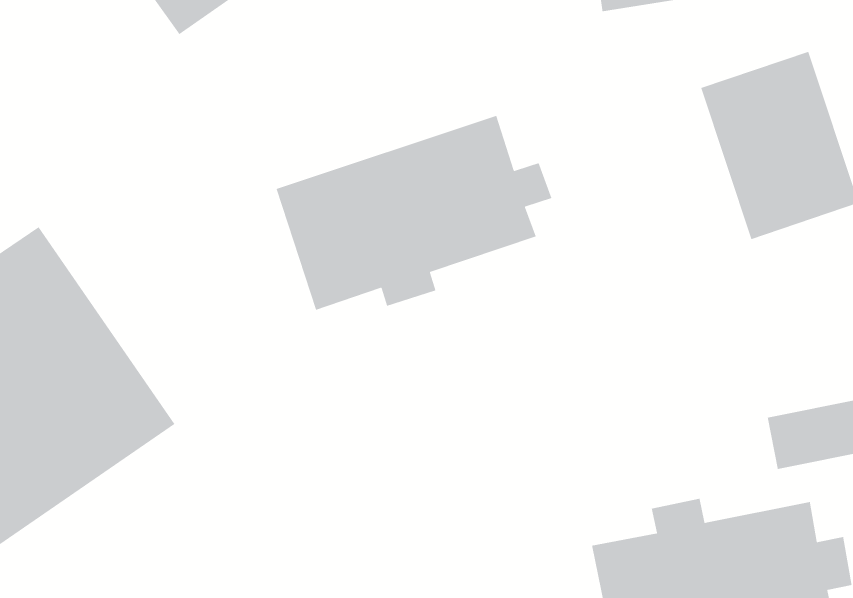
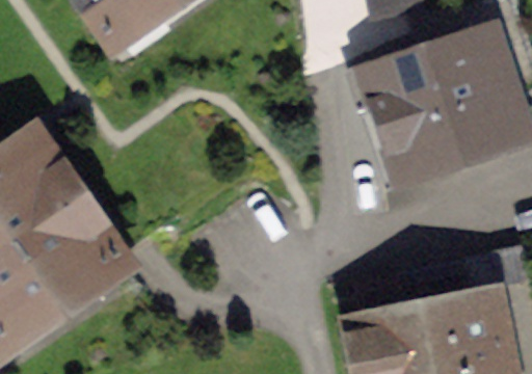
building: none -> [368,61,470,176]
building: [276,115,553,311] -> none

